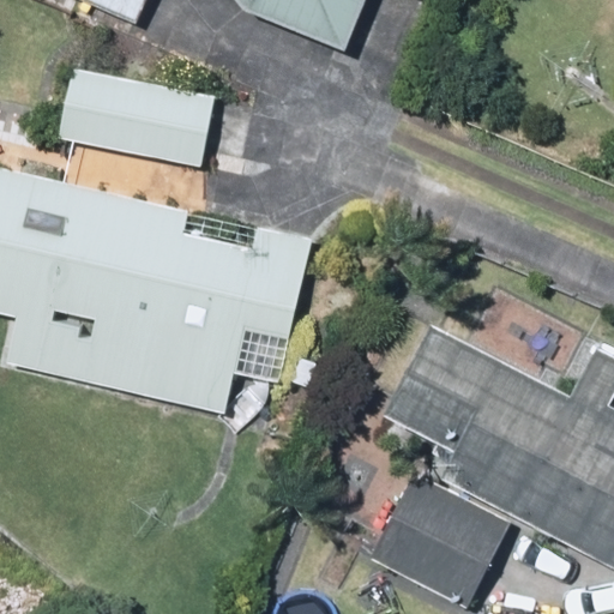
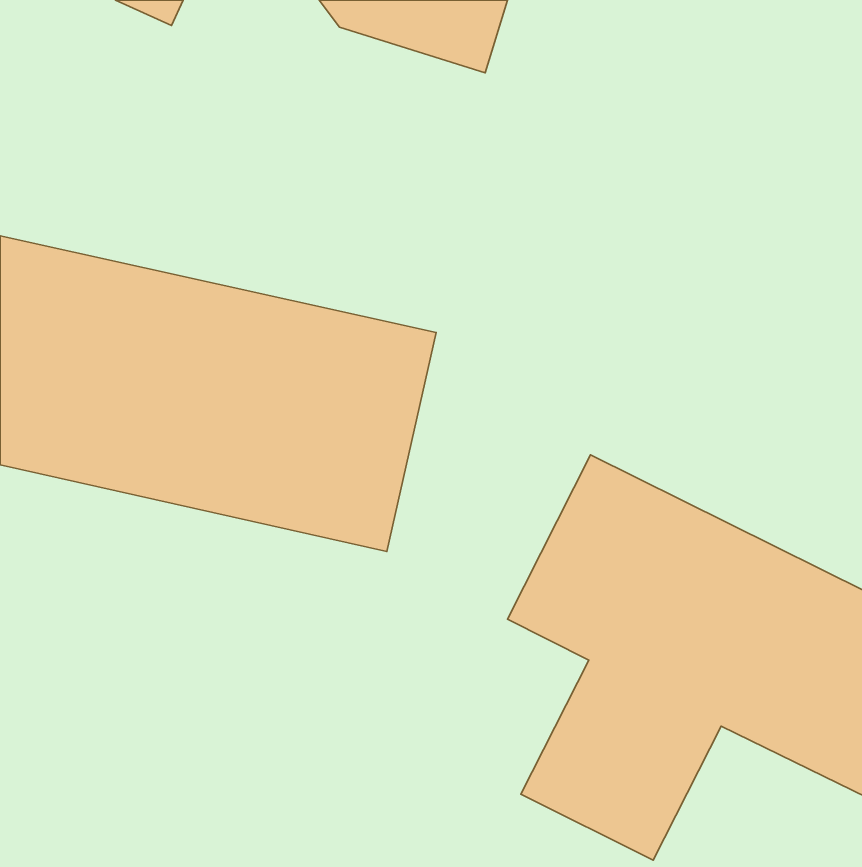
building: [55,72,207,167] -> none

